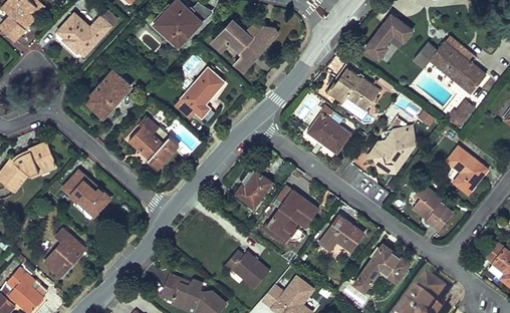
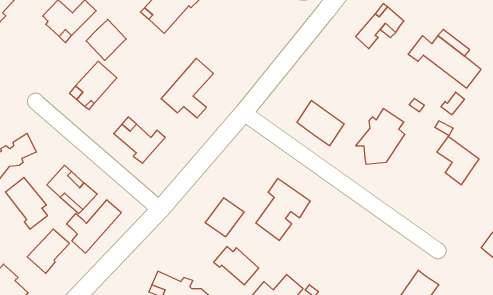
building: [212,19,279,71] -> none
building: none -> [86,19,126,60]
building: [326,67,380,110] -> none
building: [237,169,275,207] -> [205,198,244,237]
building: [406,182,448,230] -> none
building: none -> [5,177,47,229]
building: none -> [67,200,121,253]
building: [316,212,369,260] -> none
building: [358,242,413,288] -> none

